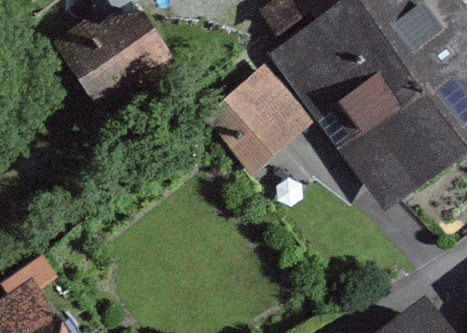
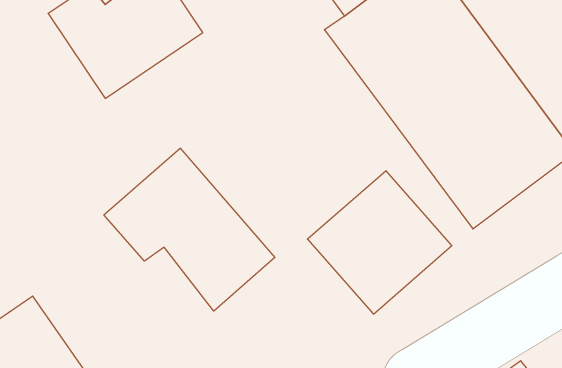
building: [202,61,316,174] -> [307,171,452,314]
building: none -> [104,148,275,311]

